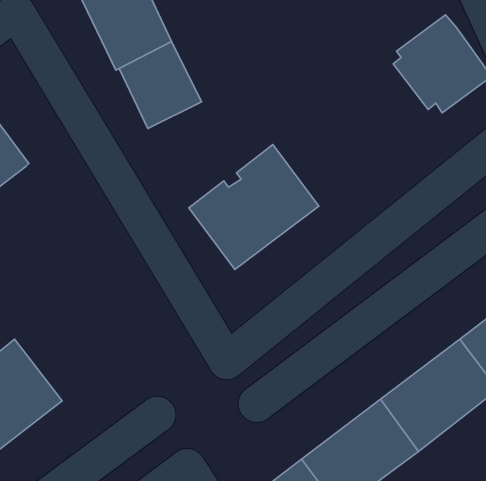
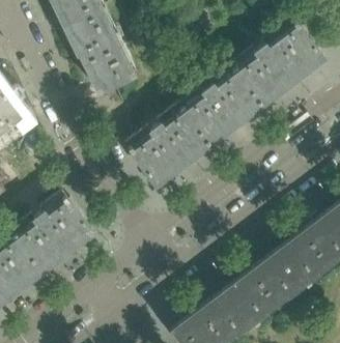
building: none -> [181,50,292,145]
building: none -> [12,194,94,273]

